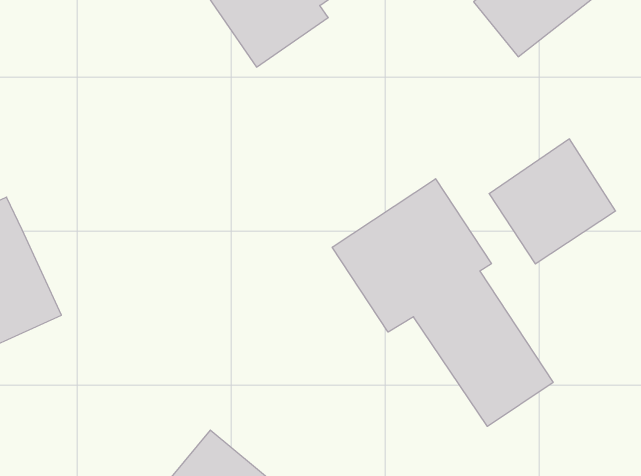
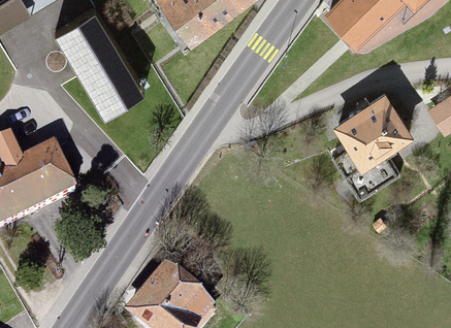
building: none -> [60,23,149,129]
building: [332,179,553,426] -> none

